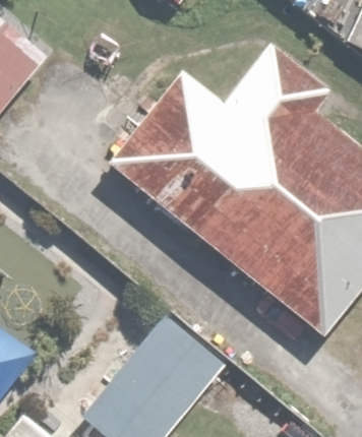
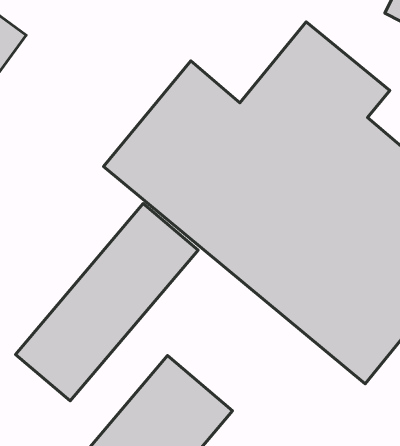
building: none -> [15,204,198,401]

